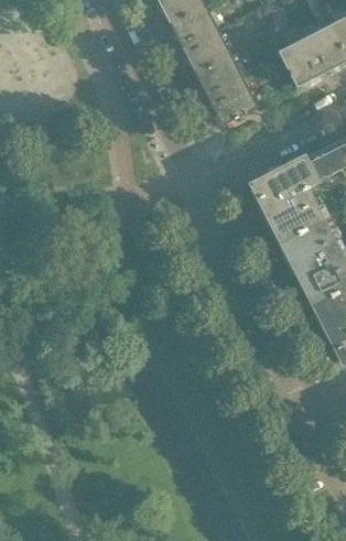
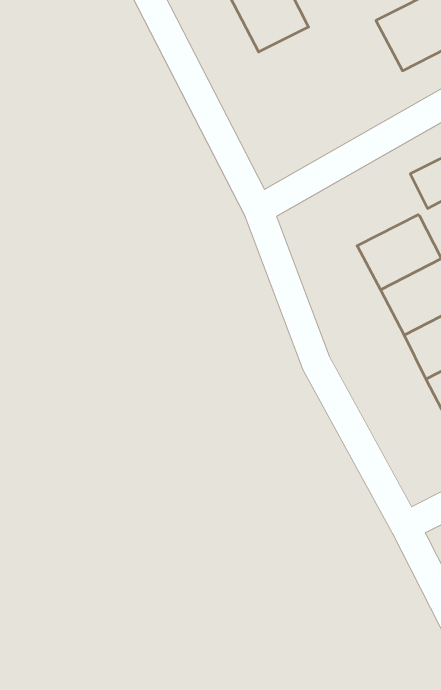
building: [195,55,258,126] -> none
building: [252,159,315,209] -> none

